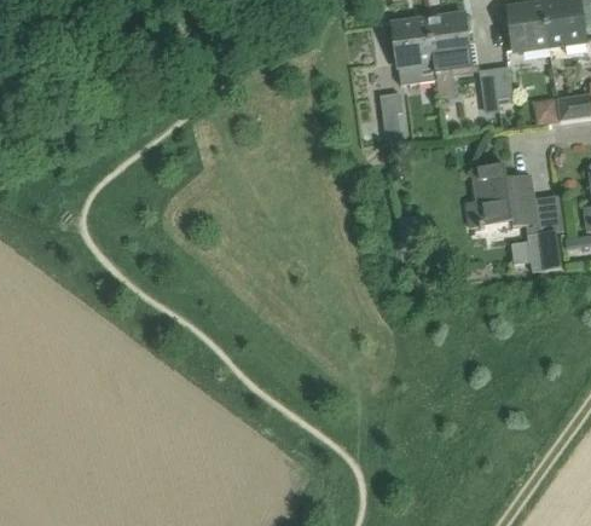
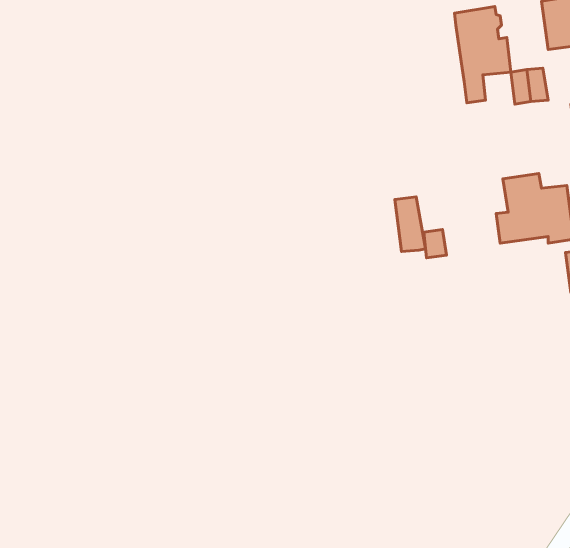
building: [392,17,436,83] -> none
building: [379,93,407,143] -> [395,197,426,252]

